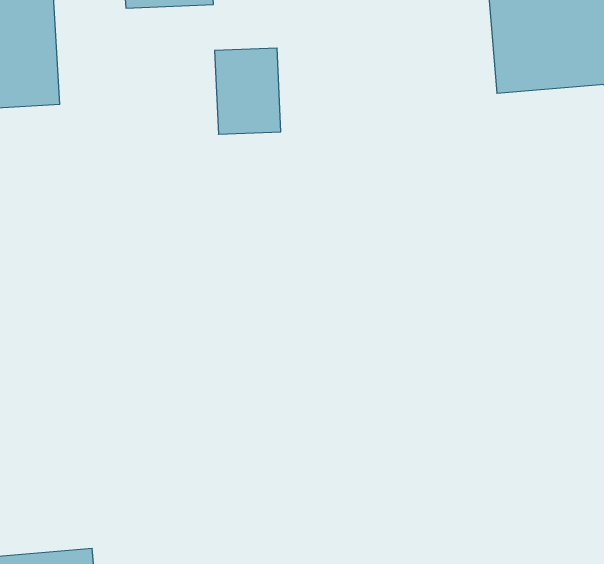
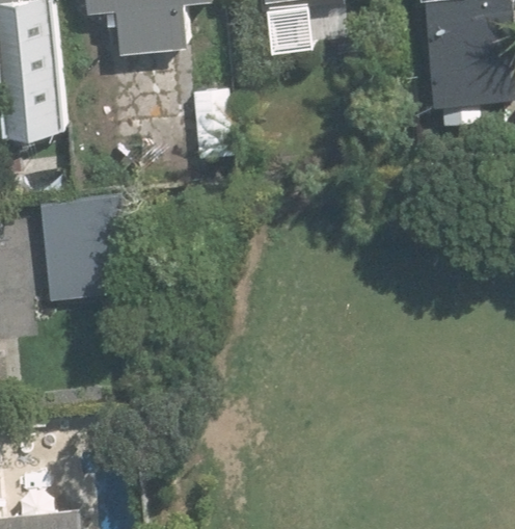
building: none -> [39,191,112,300]

